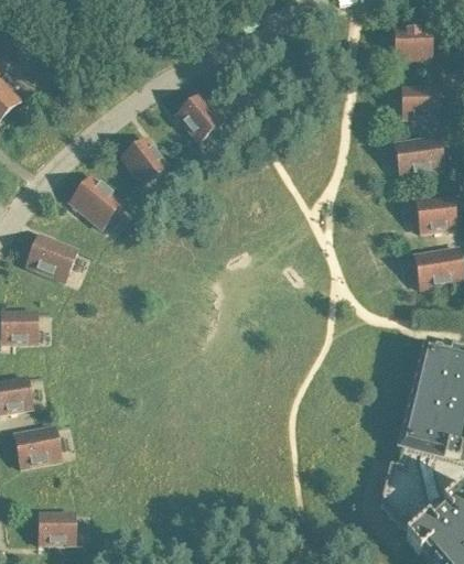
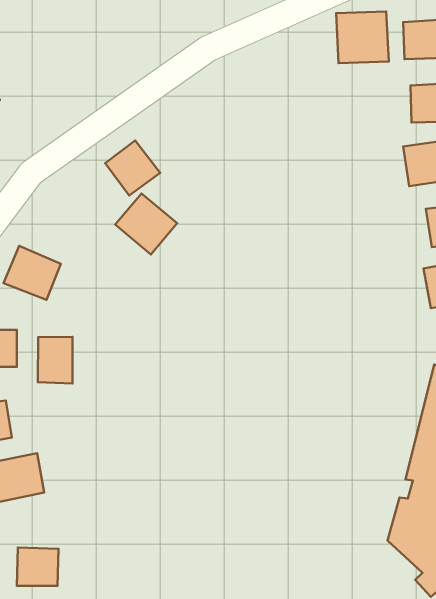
building: none -> [336,12,389,63]
building: [175,95,225,144] -> none
building: [68,174,126,230] -> [115,193,177,254]
building: none -> [38,337,73,384]

